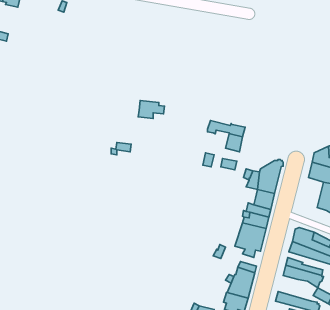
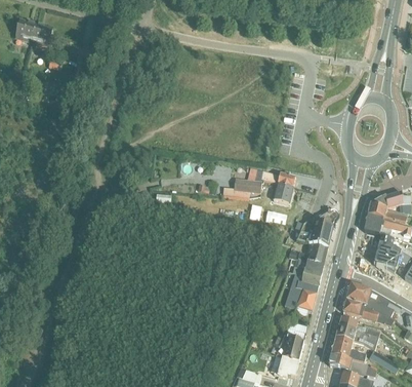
building: [138,101,165,119] -> [232,176,260,195]
building: none -> [331,337,368,364]

